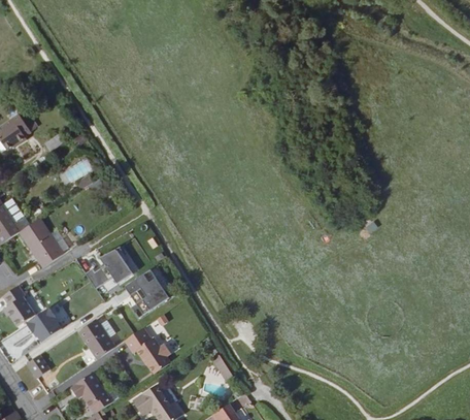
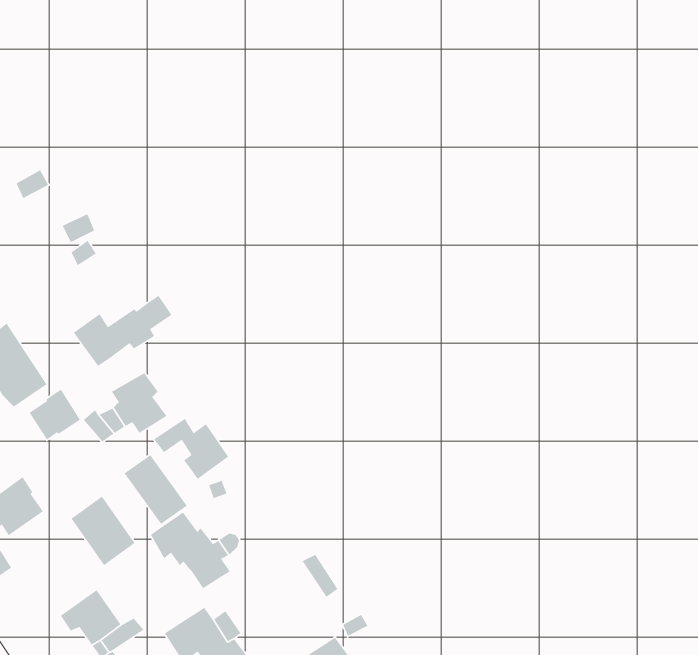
building: none -> [73,295,172,367]
building: none -> [29,388,81,440]
building: none -> [123,454,188,525]

